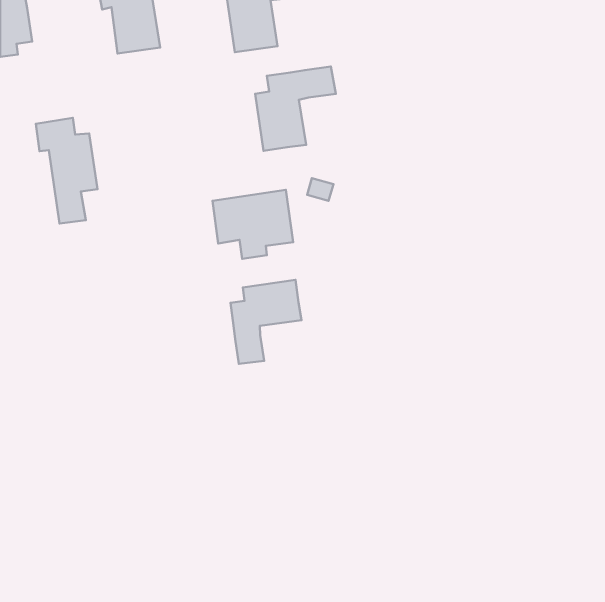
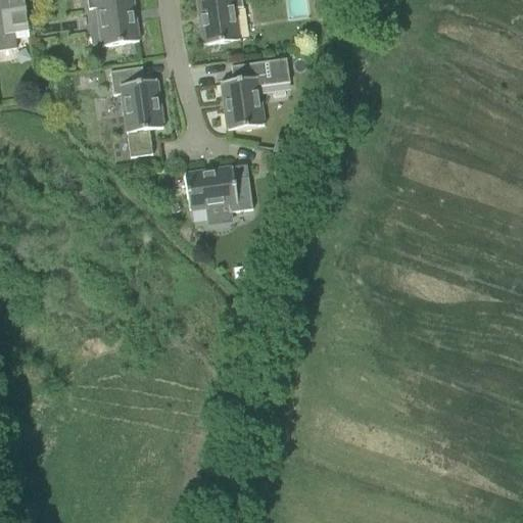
building: [36,118,98,224] -> [110,65,163,156]
building: [230,280,302,364] -> none

